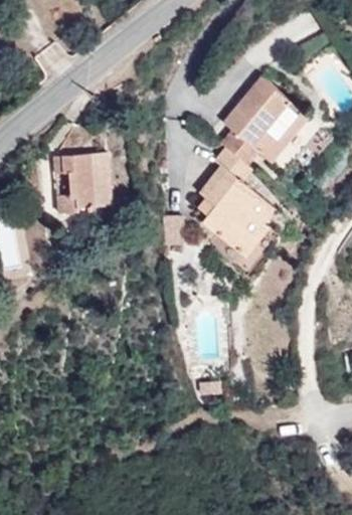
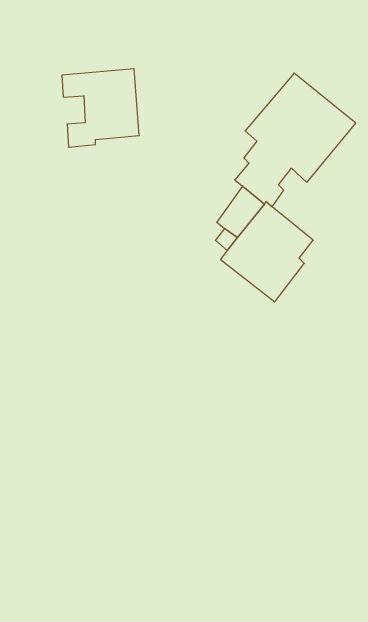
building: [50,152,111,213] -> [62,69,139,147]

